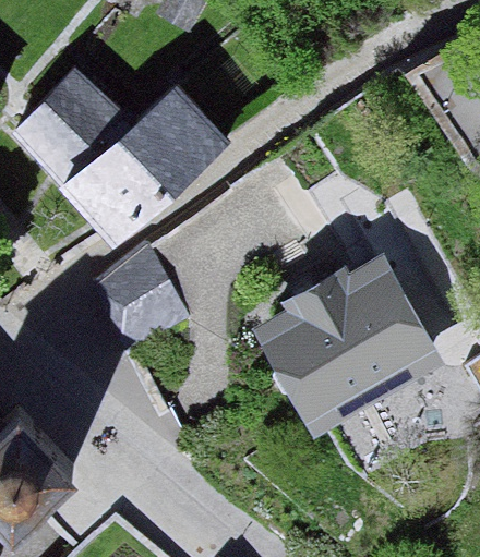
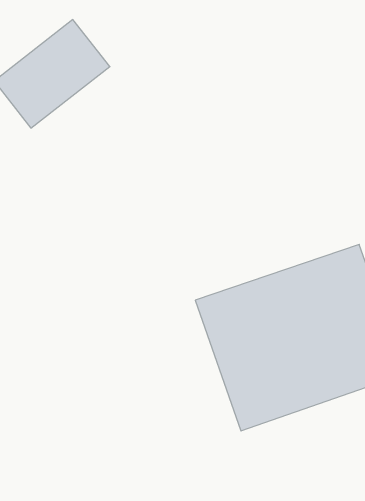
building: [70,94,223,243] -> none
building: [97,253,188,352] -> none

